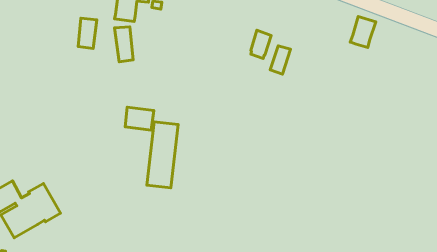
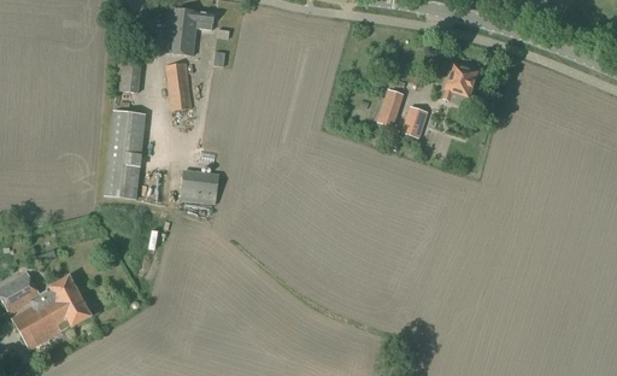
building: [350,16,376,48] -> [442,63,477,105]
building: [251,30,271,59] -> [401,104,429,142]
building: [147,122,178,188] -> [104,110,146,199]

